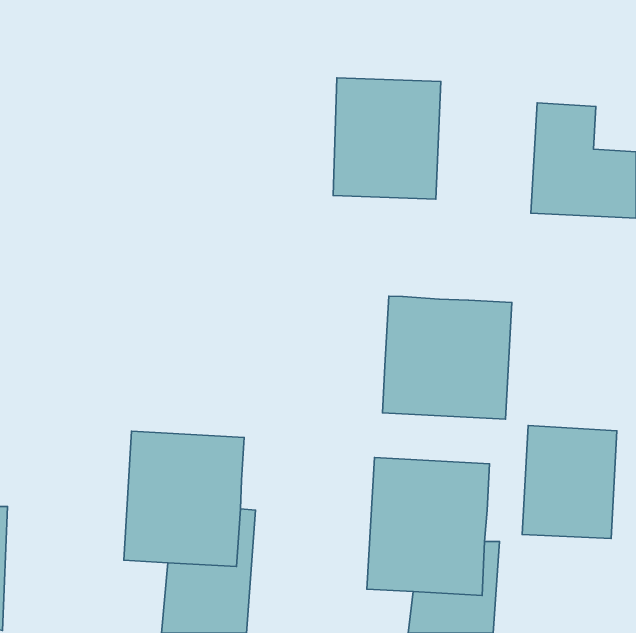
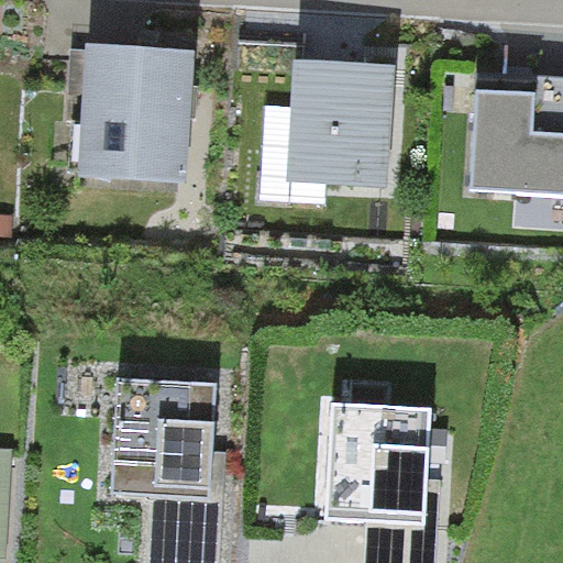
building: none -> [82,49,183,169]
building: [382,296,512,419] -> none
building: [522,425,617,538] -> none

